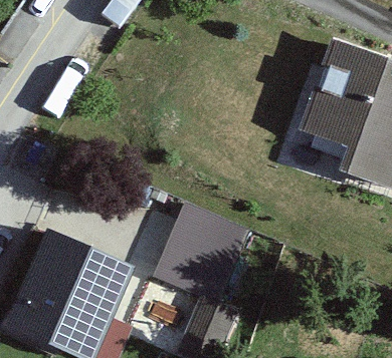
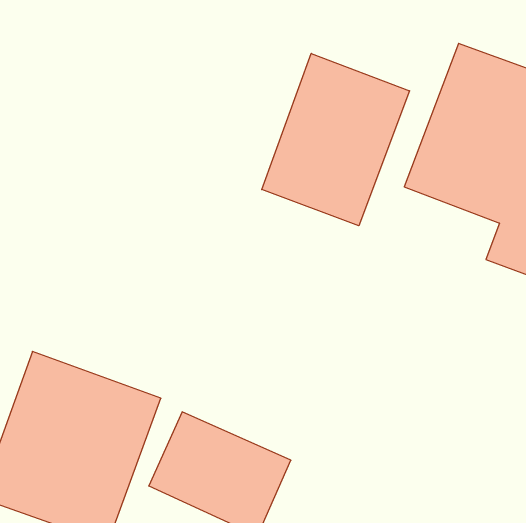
building: none -> [262,53,410,226]
building: [135,210,232,288] -> none

